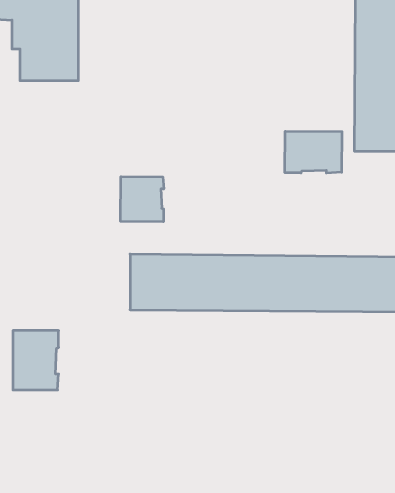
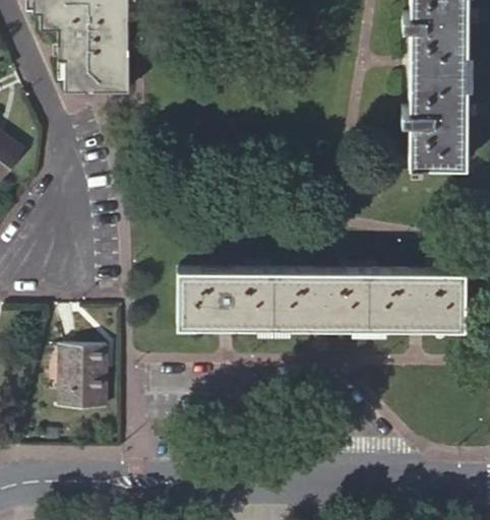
building: [285,131,342,173] -> none
building: [121,177,164,222] -> none

